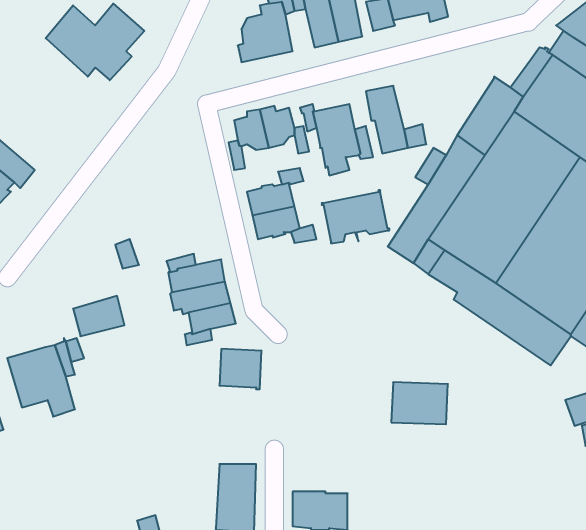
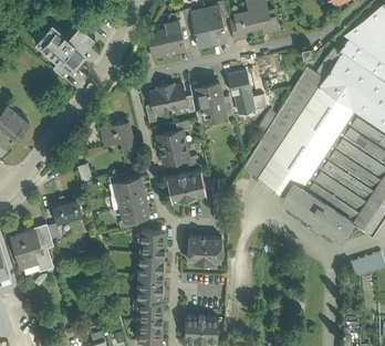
building: none -> [101,124,135,158]
building: [322,190,389,243] -> [165,171,206,203]
building: [391,382,448,424] -> [187,238,221,263]
building: none -> [137,254,163,302]

